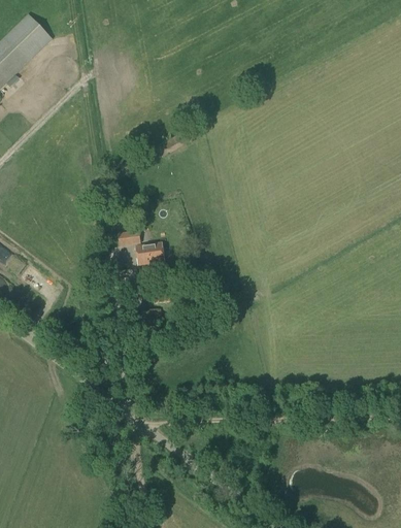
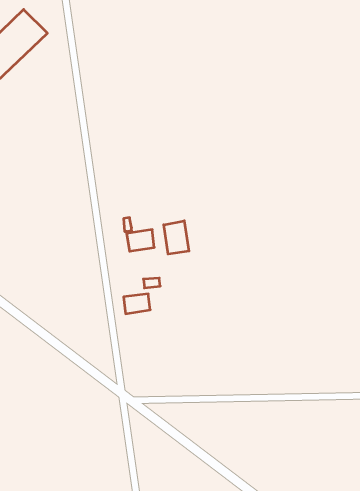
building: none -> [164,221,189,254]

